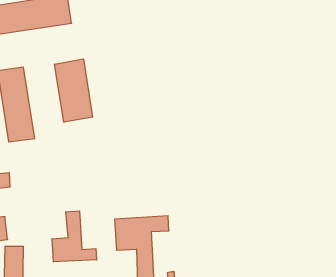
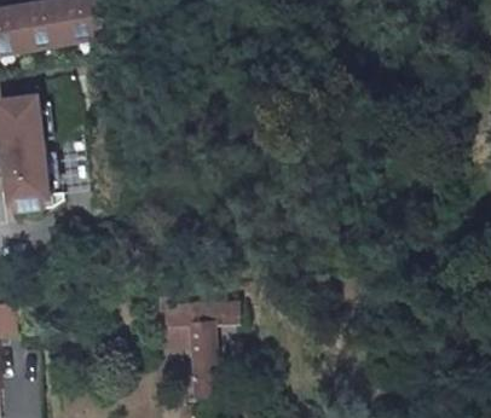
building: [55,59,93,122] -> none
building: [52,211,97,262] -> none

